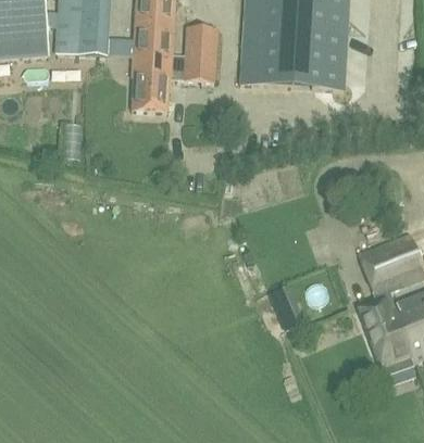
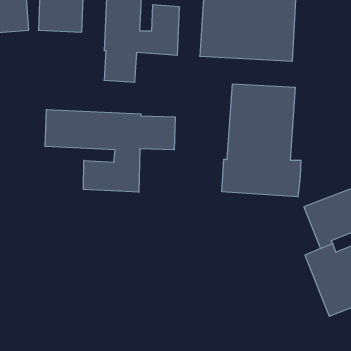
building: none -> [222,84,301,197]
building: none -> [45,109,175,192]

